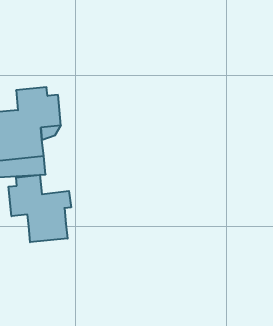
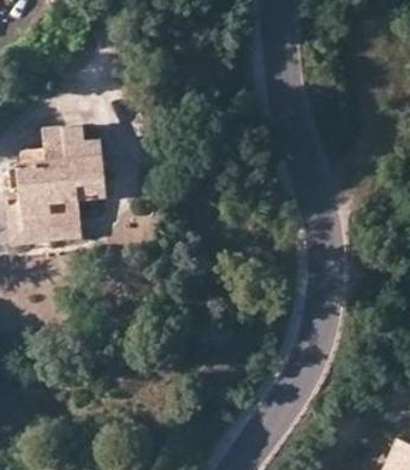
building: [9,175,71,242] -> none

